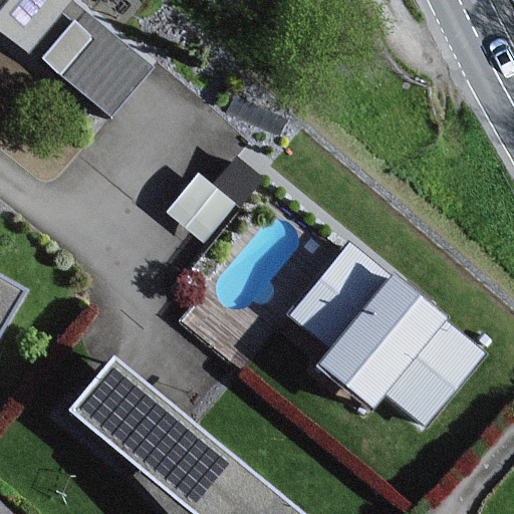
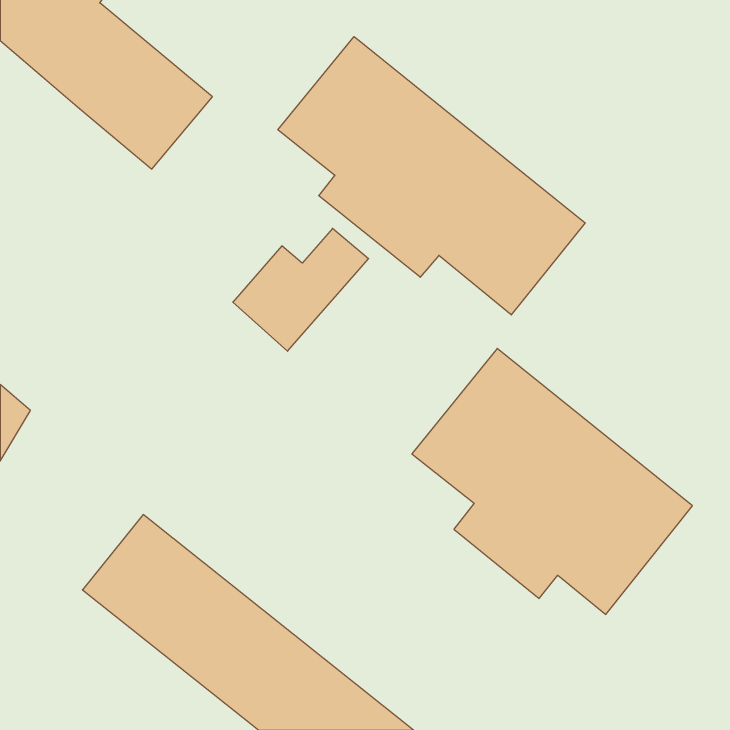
building: none -> [278,37,585,315]

